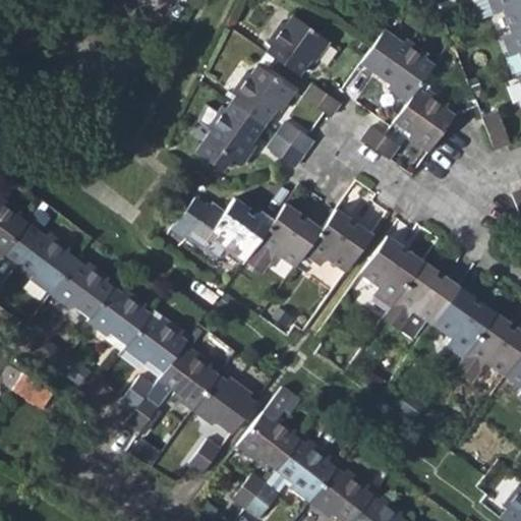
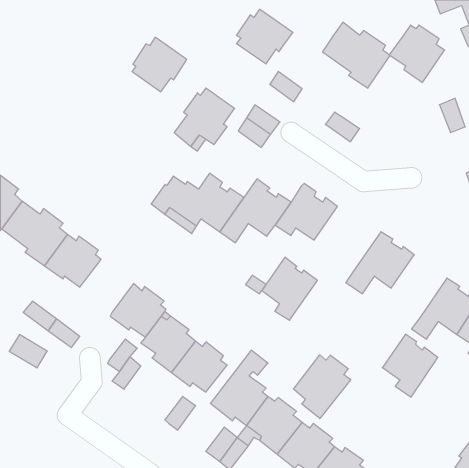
building: [231,65,291,125] -> [132,37,187,92]
building: [394,91,455,154] -> [389,25,445,83]
building: [362,235,423,304] -> [262,257,317,320]
building: [435,286,496,355] -> [382,334,438,397]
building: [90,291,152,349] -> none
building: none -> [293,355,351,419]

